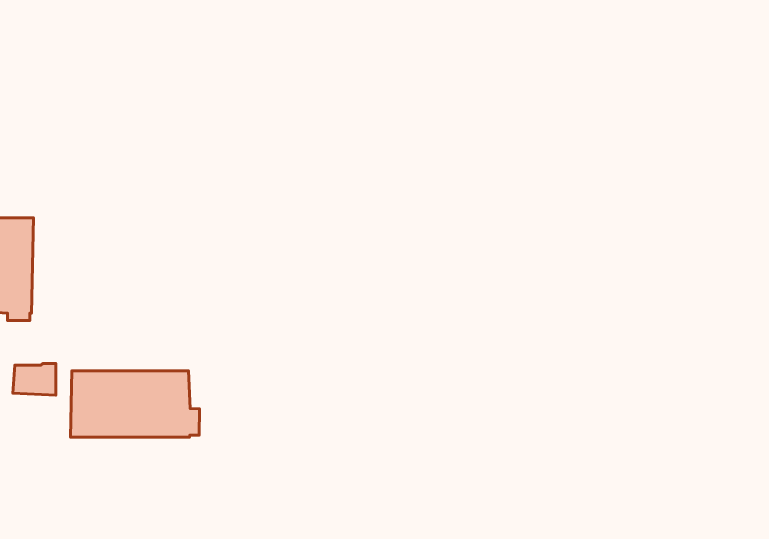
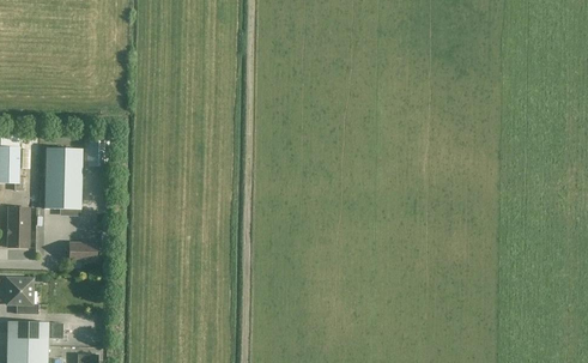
building: [71,371,200,437] -> none

